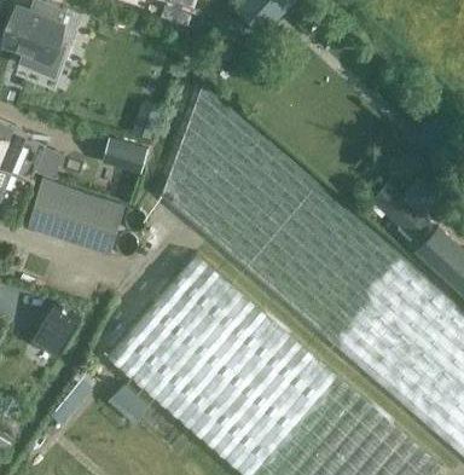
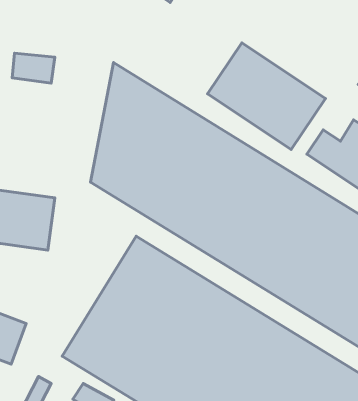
building: none -> [207,43,325,150]
building: [103,139,146,173] -> [12,53,55,83]

